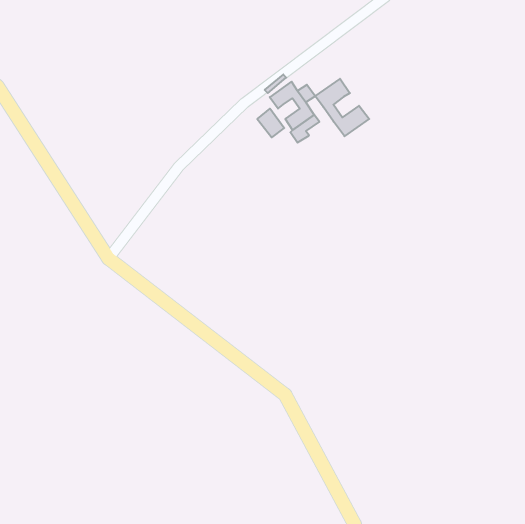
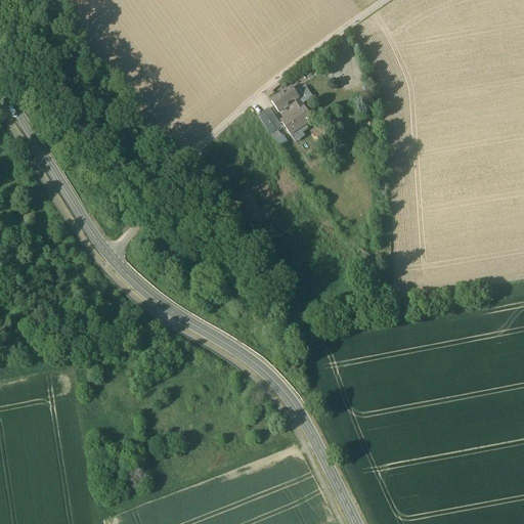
building: [315,79,369,136] -> none

